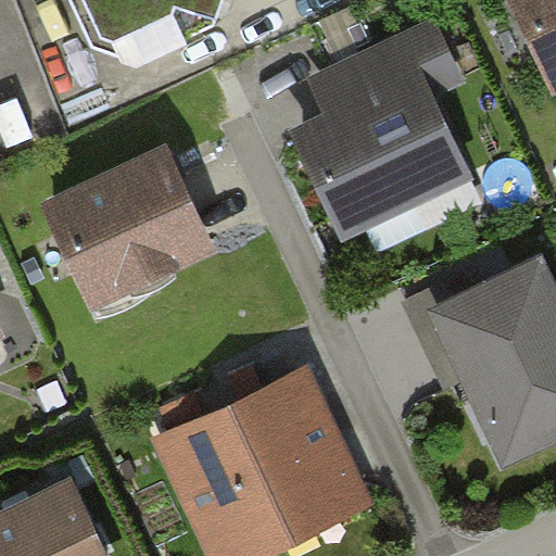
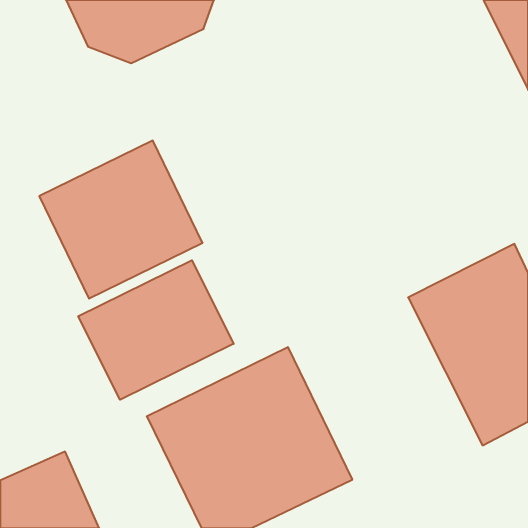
building: [292,18,469,237] -> none
building: none -> [78,260,234,400]

